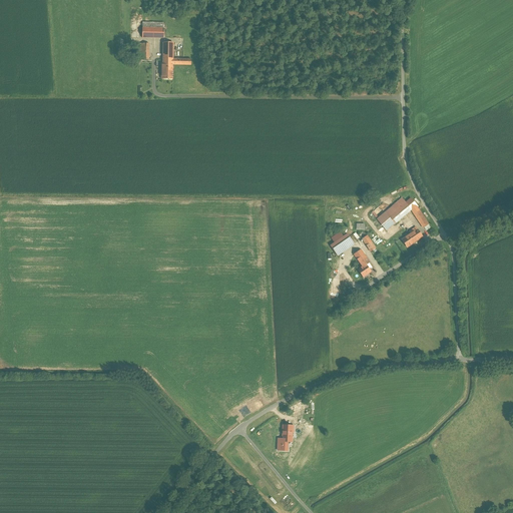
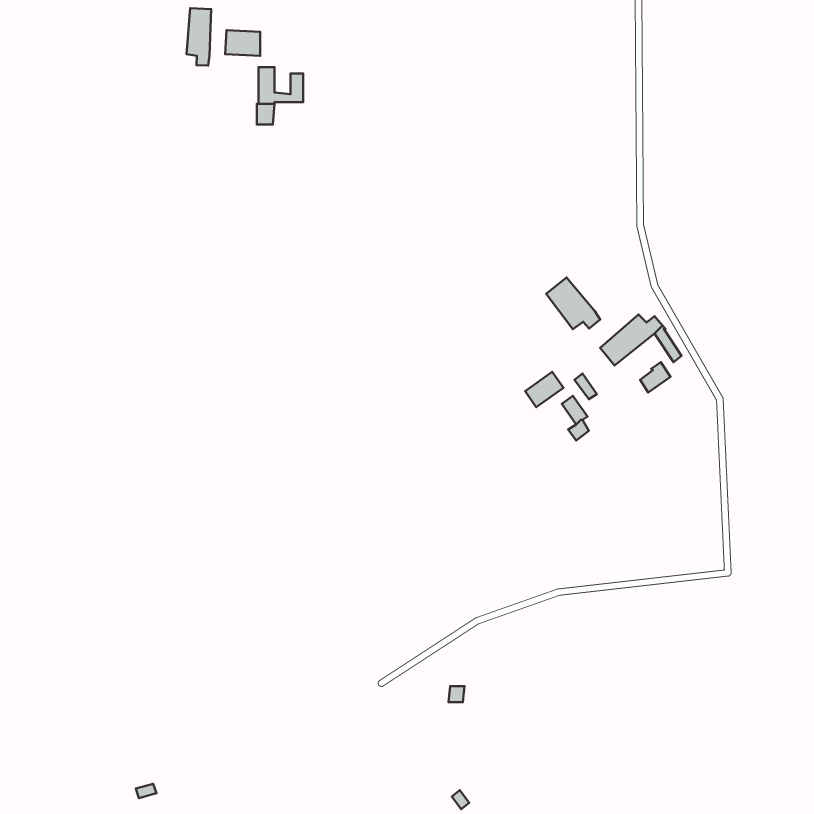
building: none -> [187,8,211,66]
building: none -> [546,277,600,329]

